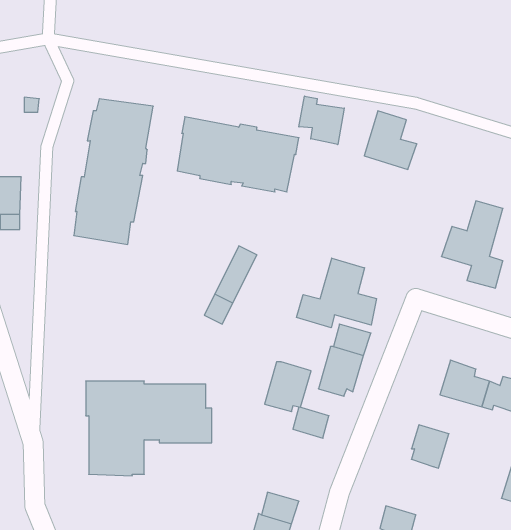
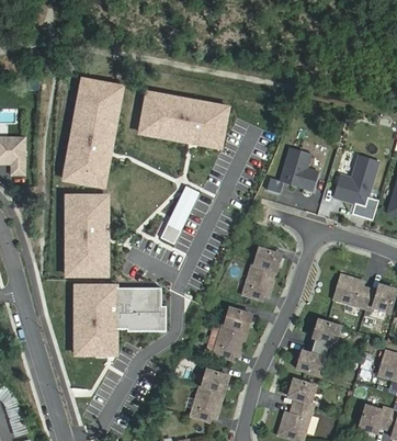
building: [299,96,344,145] -> none
building: [364,111,417,169] -> [281,147,319,190]
building: none -> [65,197,107,276]
building: [297,258,376,328] -> none
building: [265,362,311,412] -> [213,323,247,359]
building: none -> [296,344,328,374]

